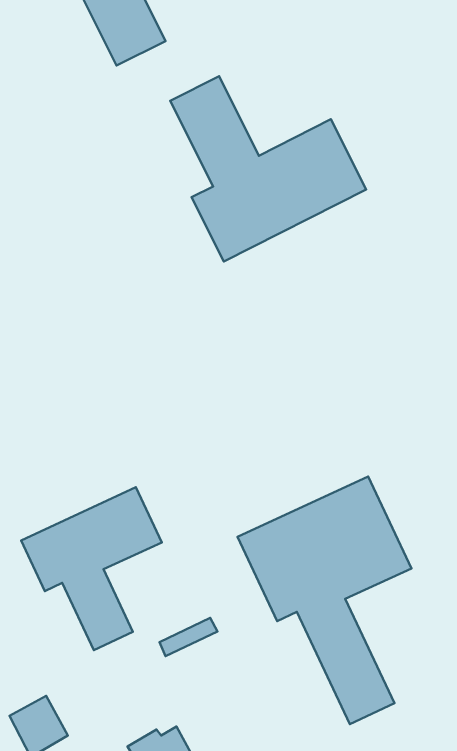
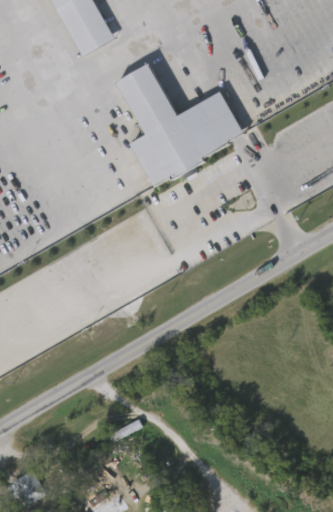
building: [238,476,412,724] -> none
building: [21,487,162,650] -> none

